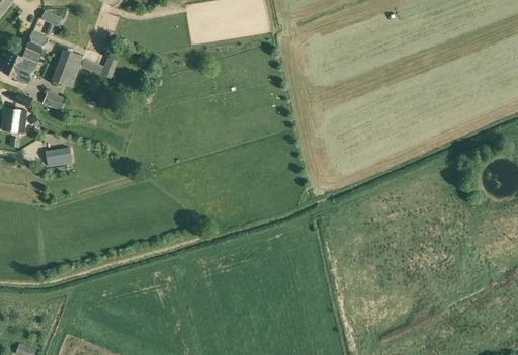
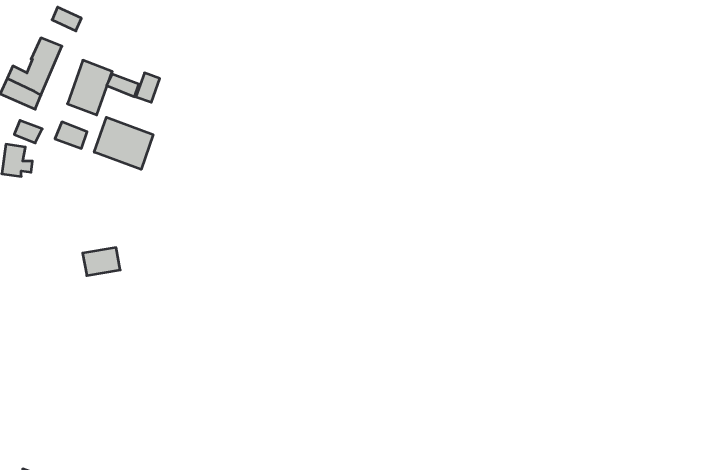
building: none -> [94,117,153,169]
building: [44,148,71,168] -> [83,248,120,276]

